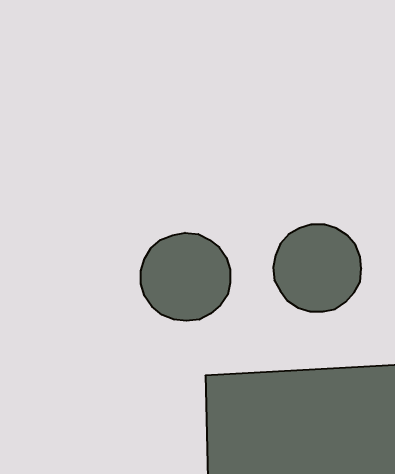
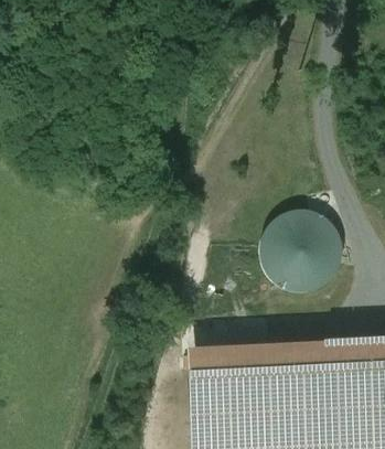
building: [141,233,230,321] -> none

